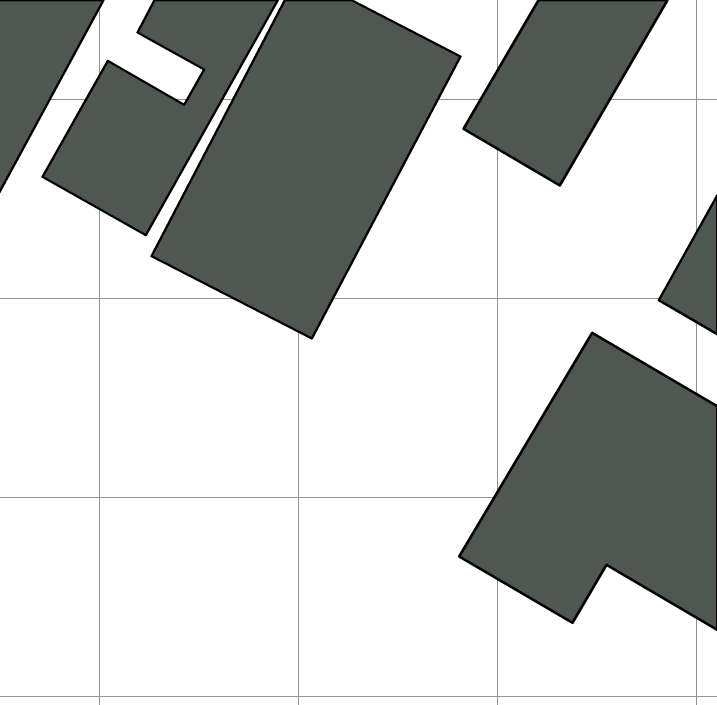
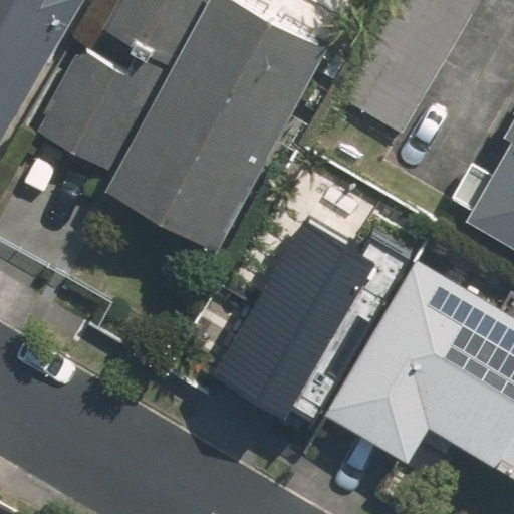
building: none -> [220,214,382,405]

